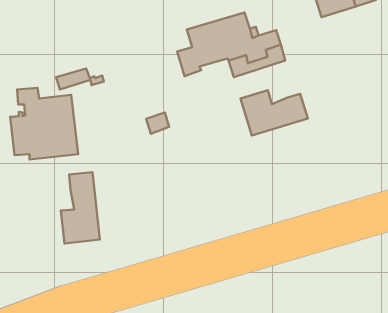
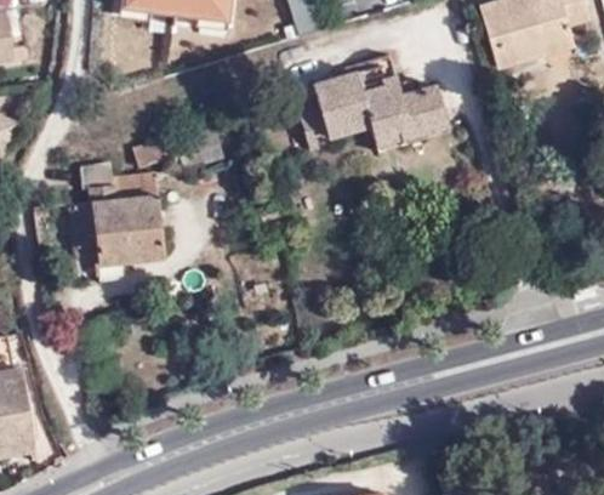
building: [240,90,308,135] -> none
building: [61,172,100,244] -> none

